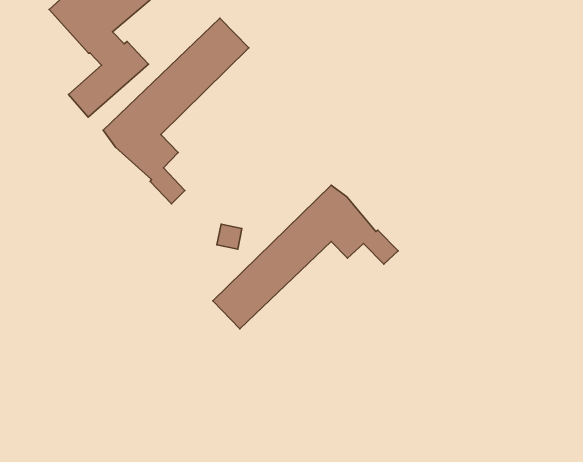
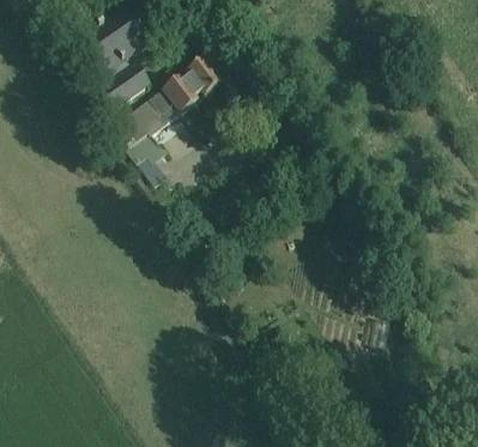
building: [213,185,398,329] -> none

